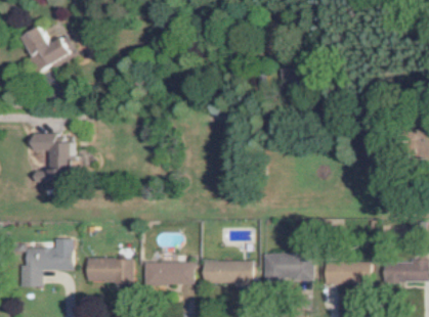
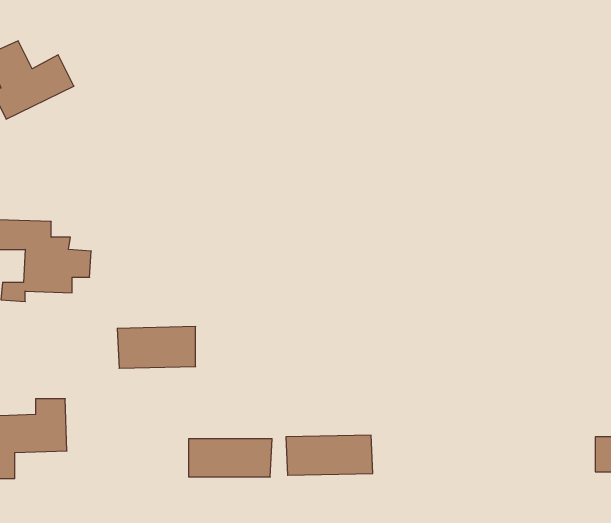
building: [262,254,312,284] -> none
building: [86,258,132,282] -> [117,327,196,368]
building: [324,261,371,284] -> none

